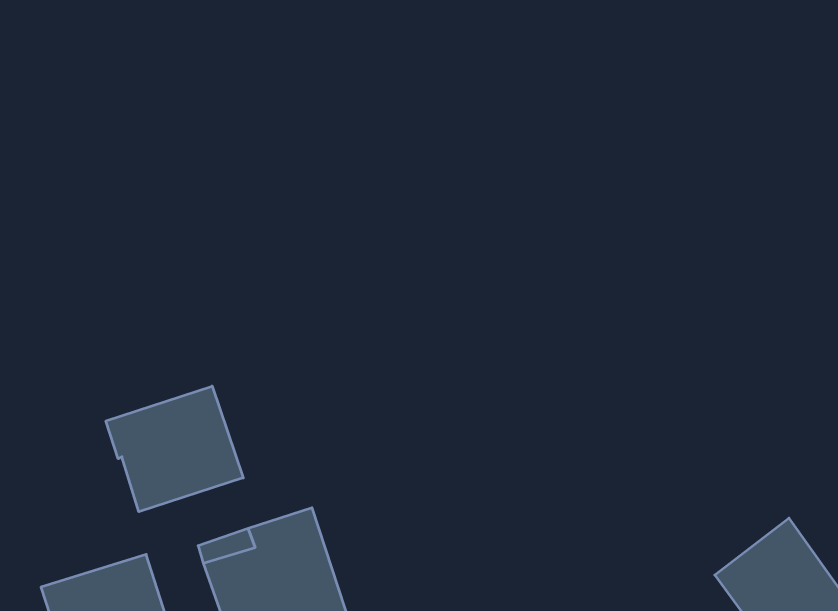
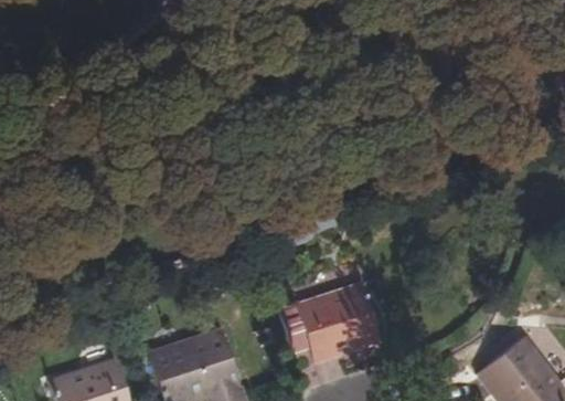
building: [106,386,243,512] -> none
building: none -> [296,283,379,361]

